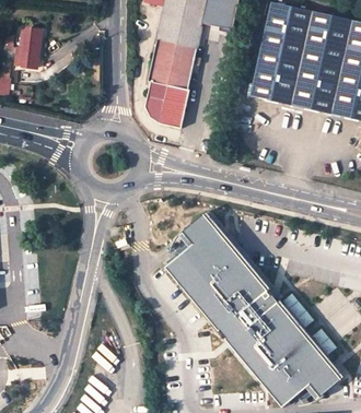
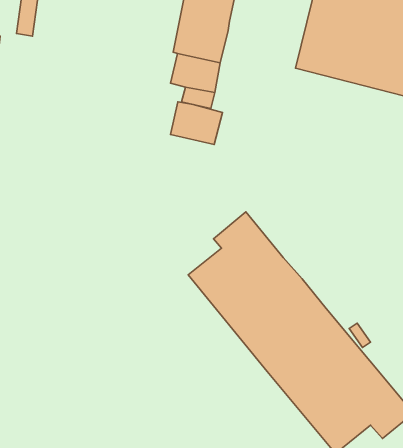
building: none -> [171,102,223,145]

